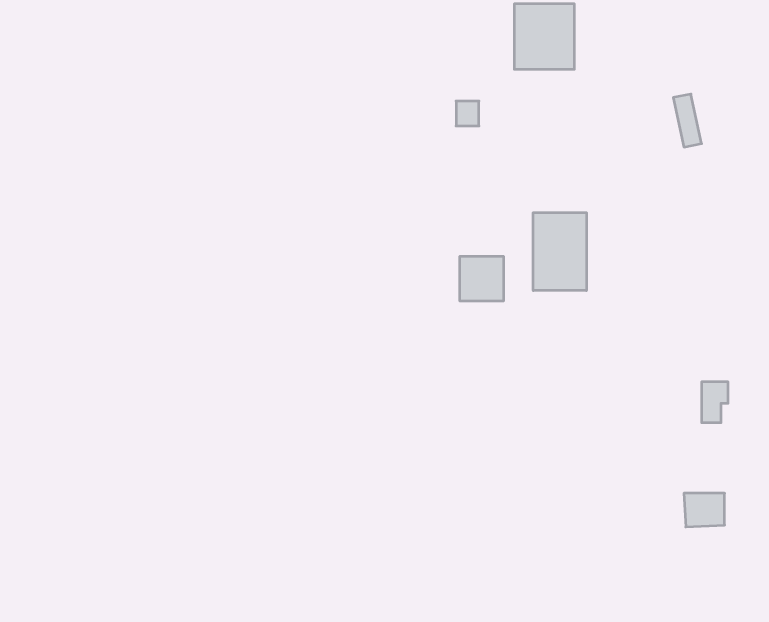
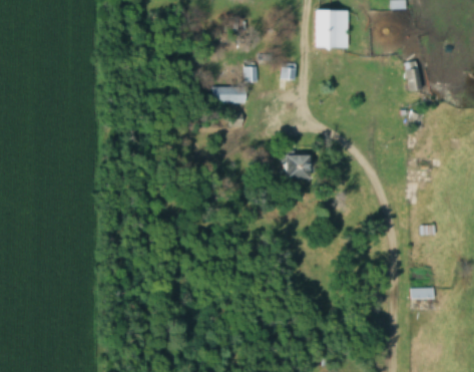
building: none -> [212,86,245,101]
building: [533,213,586,291] -> none

